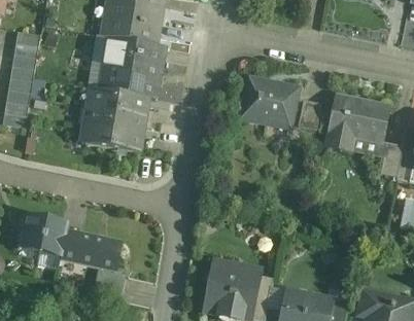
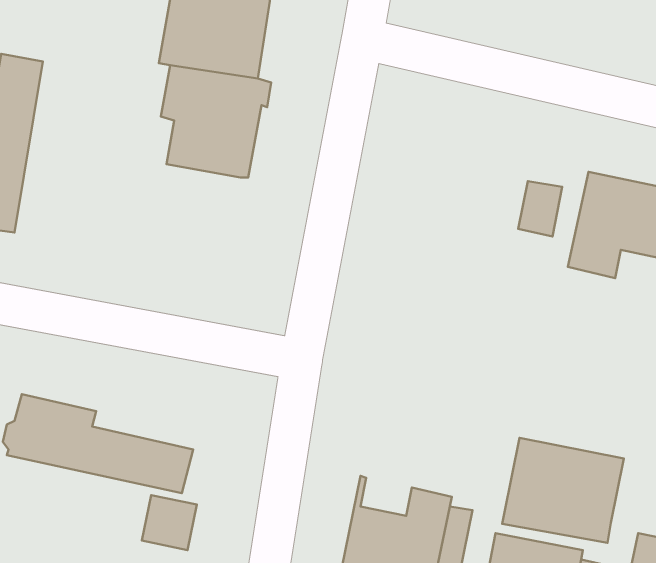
building: [241,76,299,123] -> none
building: [84,87,147,151] -> none
building: none -> [502,438,624,543]

